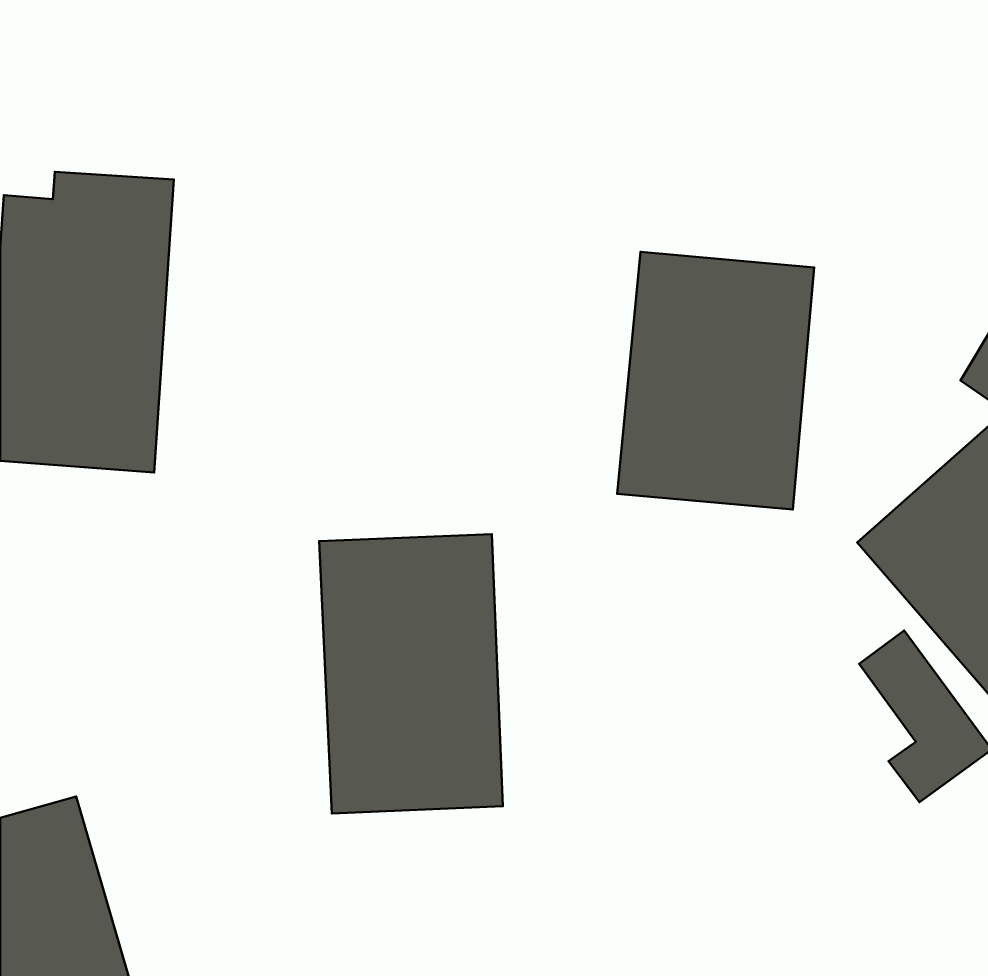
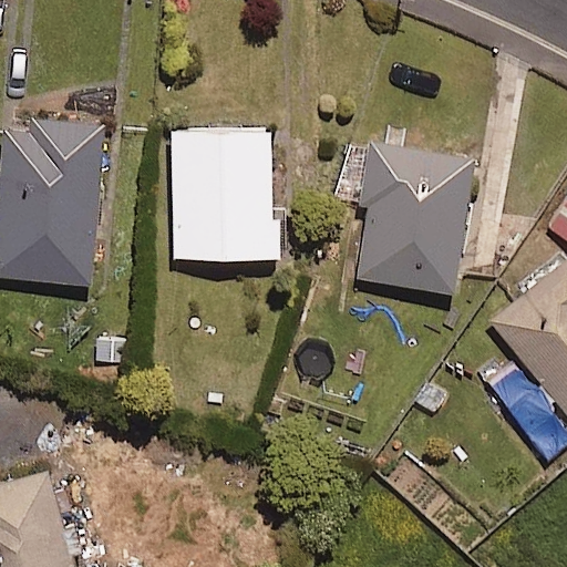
building: none -> [168,132,285,264]
building: [319,534,503,813] -> none

